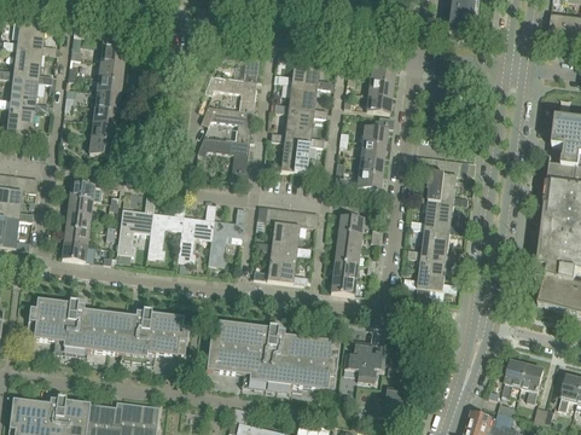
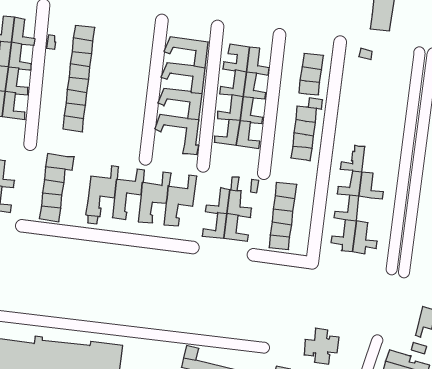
building: [440,173,469,205] -> none
building: [434,231,461,263] -> none
building: [27,297,187,356] -> none
building: [205,320,339,389] -> none
building: [344,341,385,382] -> none

